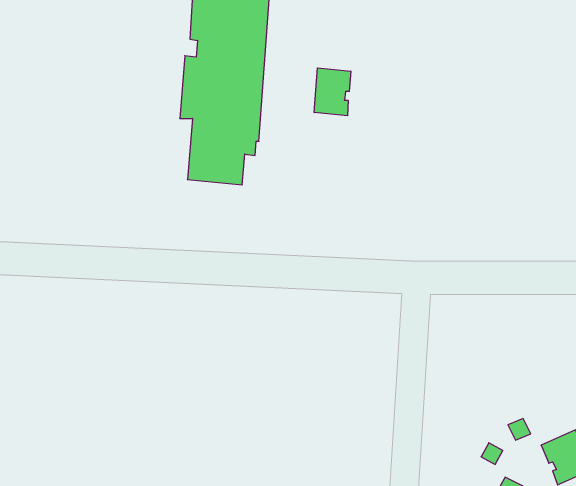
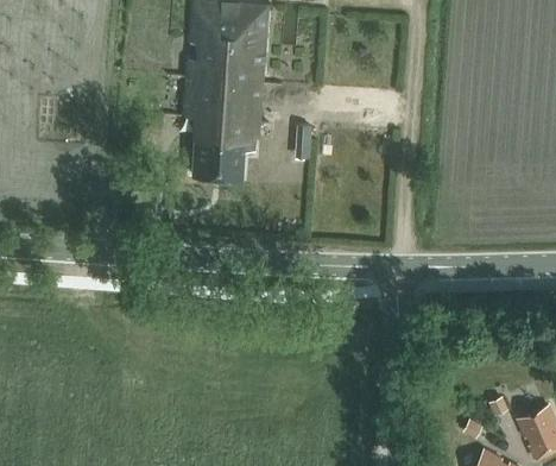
building: [314,68,351,116] -> none

